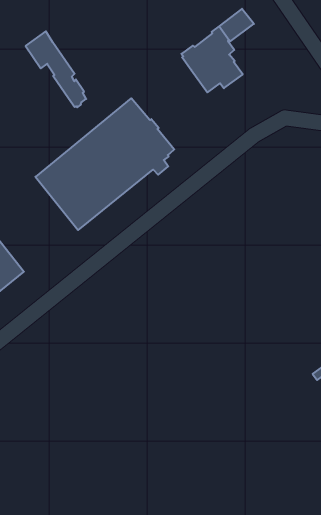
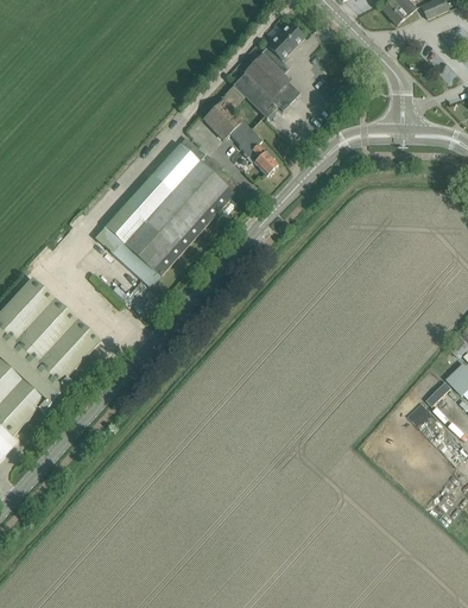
building: [26,31,86,107] -> [204,99,278,175]

